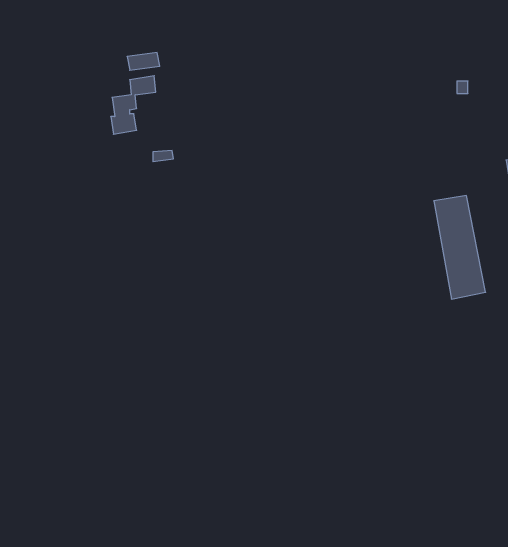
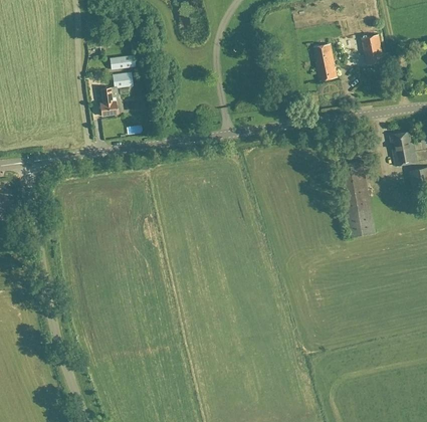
building: none -> [362,34,383,64]
building: none -> [314,44,336,79]

